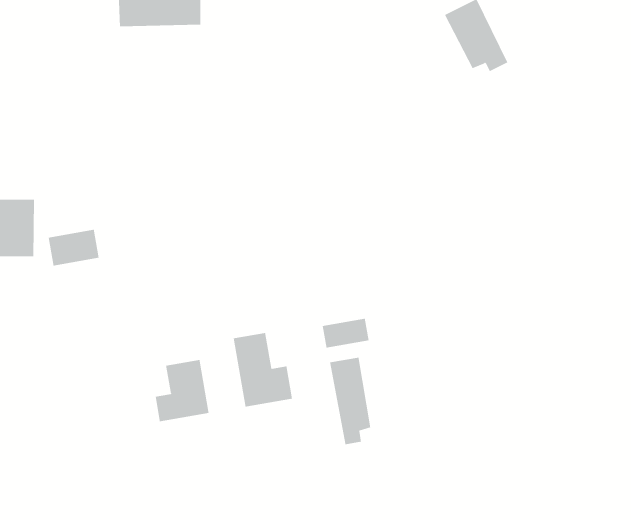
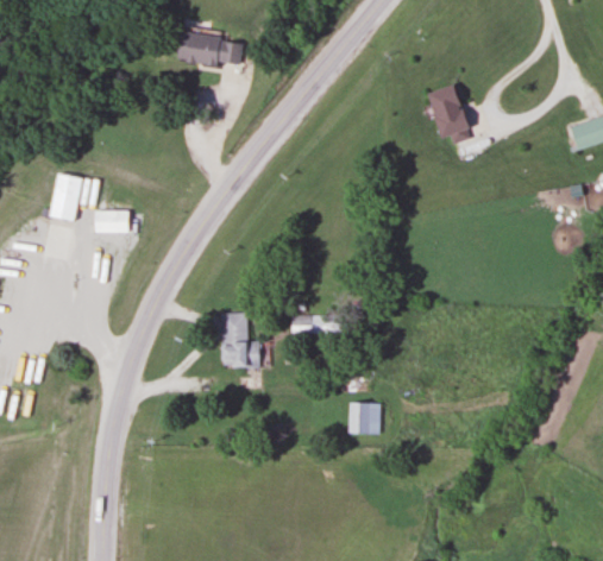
building: [330,357,371,445] -> none
building: [155,359,209,422] -> none
building: none -> [350,402,381,433]

